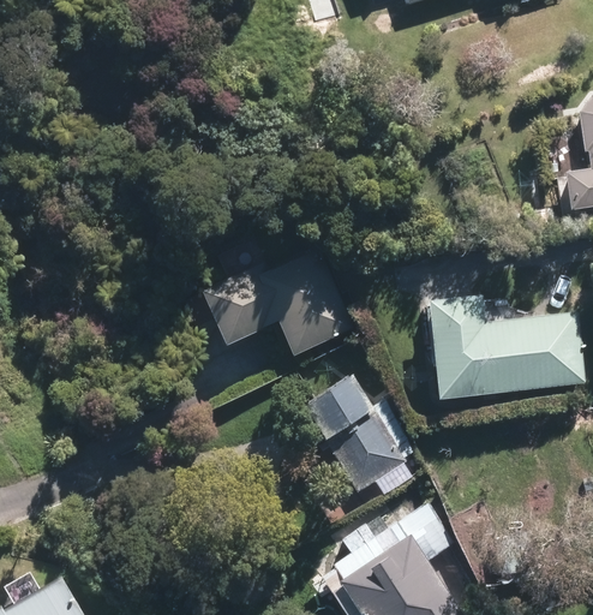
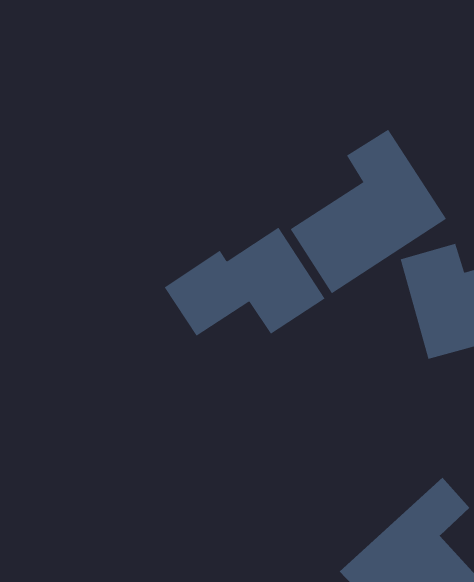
building: none -> [290,129,447,294]
building: [306,389,402,490] -> none

